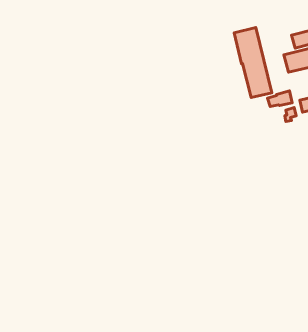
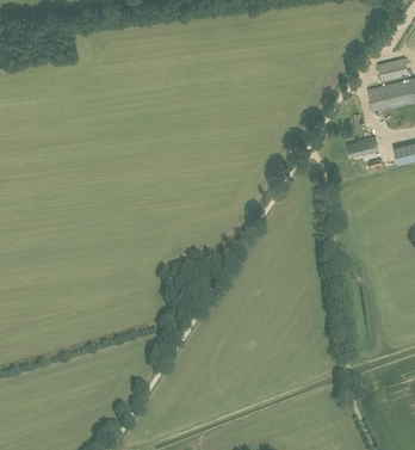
building: [234,27,272,97] -> none

